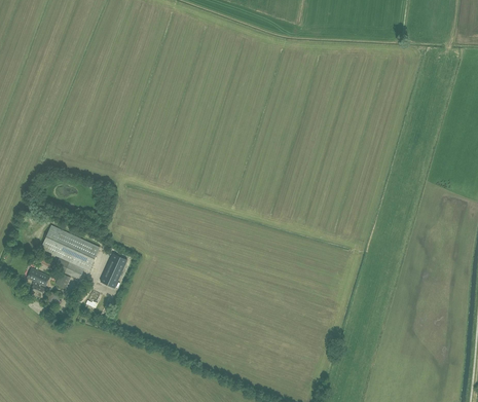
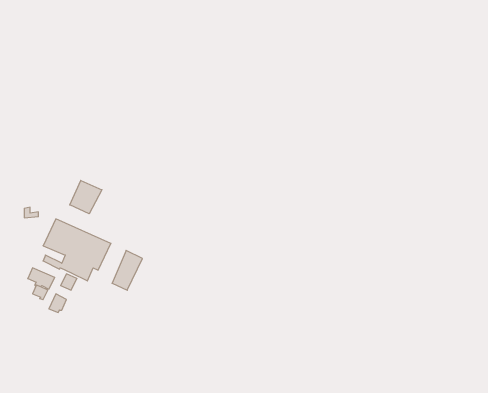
building: none -> [70,180,102,214]

